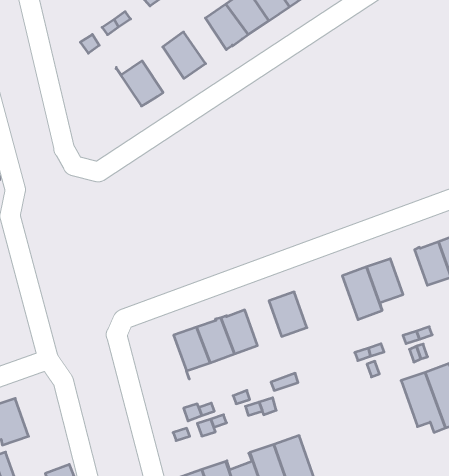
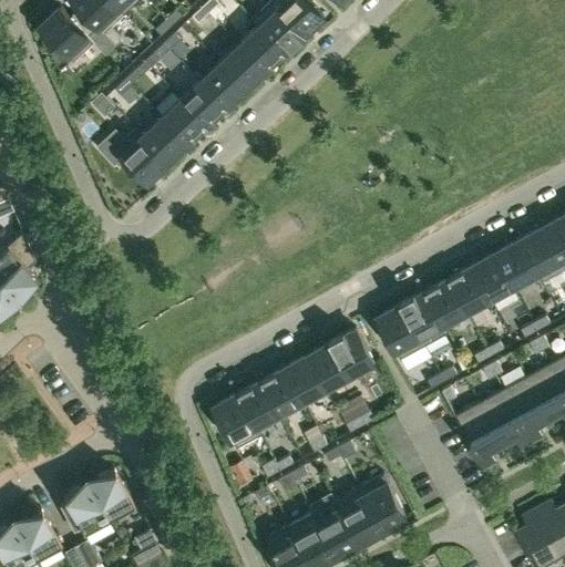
building: none -> [199,63,246,110]
building: none -> [162,100,207,146]
building: none -> [115,130,168,184]
building: none -> [449,266,491,313]
building: none -> [378,305,425,360]
building: none -> [308,342,350,390]
building: none -> [215,393,263,450]
building: none -> [455,402,504,470]
building: none -> [88,470,133,520]

